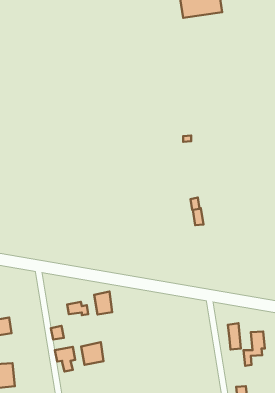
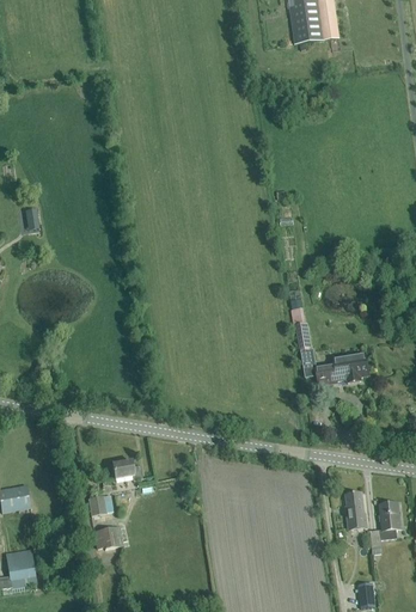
building: none -> [300,349,369,384]
building: [94,291,112,315] -> none
building: [81,342,103,365] -> none

